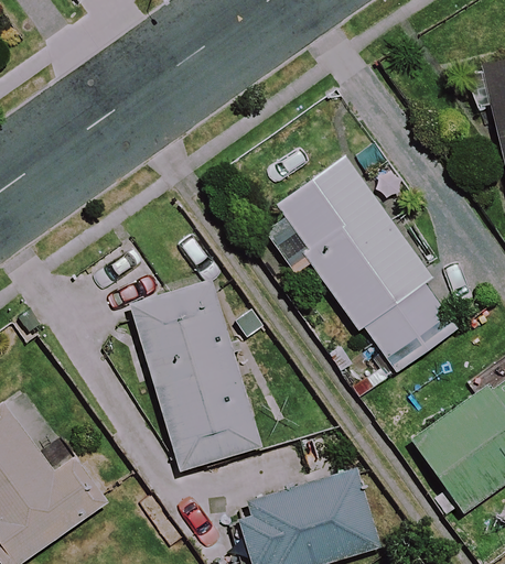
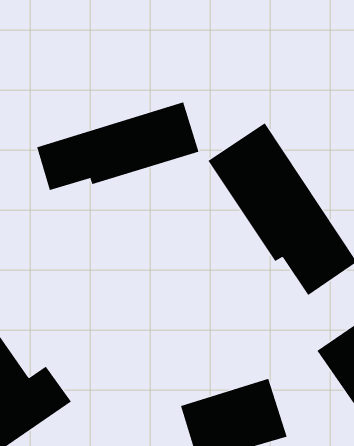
building: none -> [36,101,199,191]
building: [129,283,260,469] -> none

